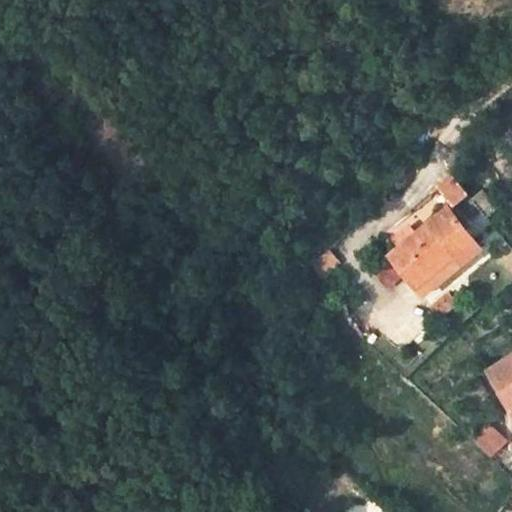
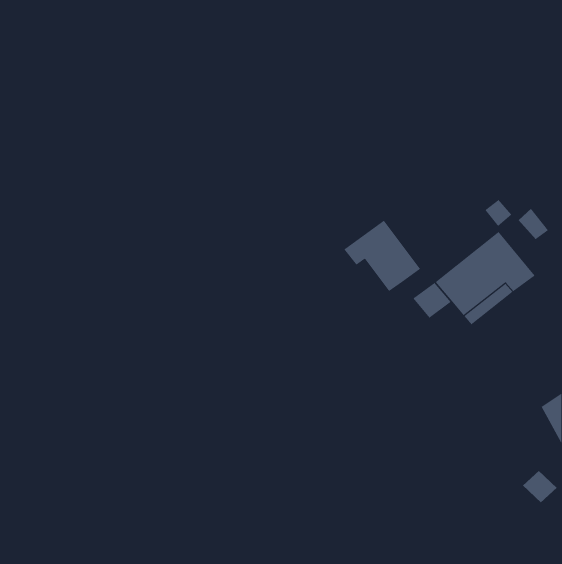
building: none -> [343,220,421,292]

